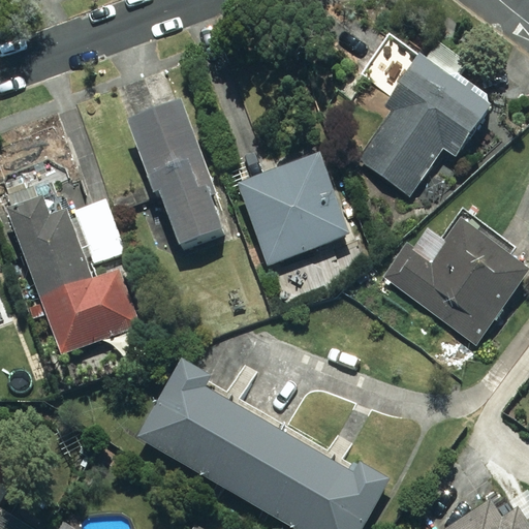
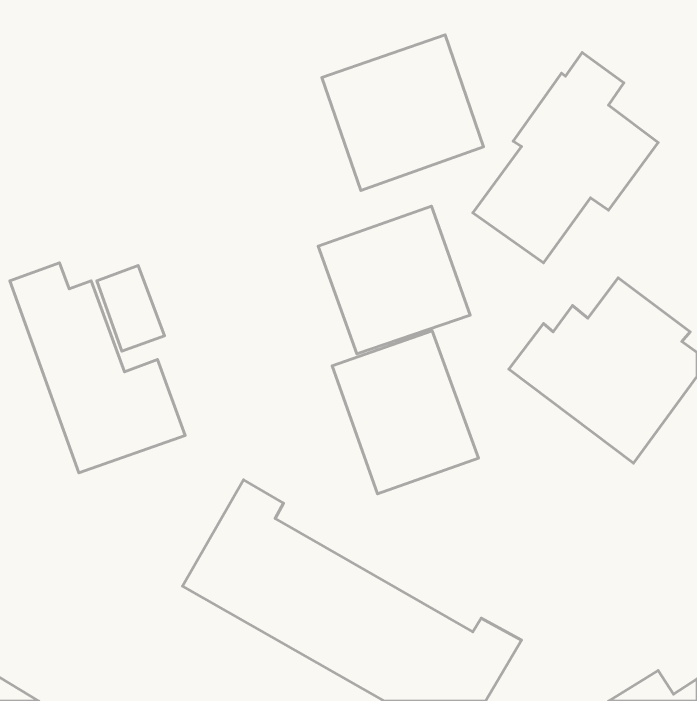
building: none -> [322,35,483,191]
building: [128,103,224,246] -> none
building: none -> [332,331,478,494]

